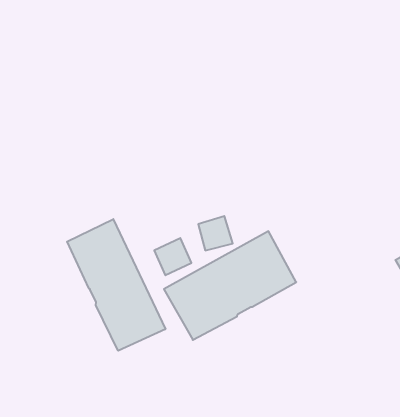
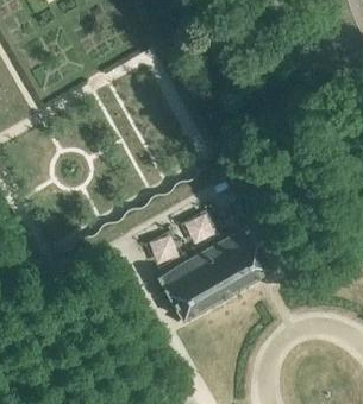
building: [67,219,165,351] -> none

